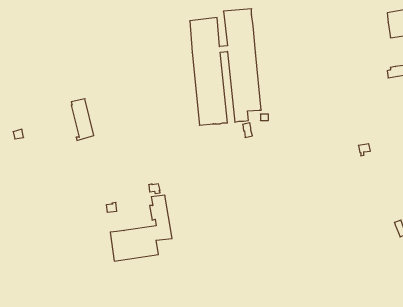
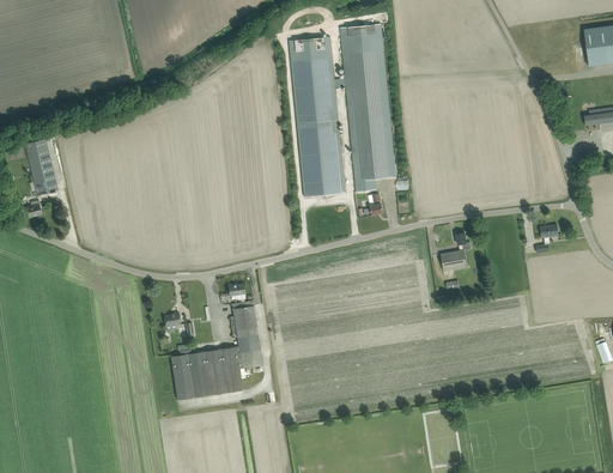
building: [71,99,94,140] -> [24,134,57,196]
building: none -> [439,232,466,271]

